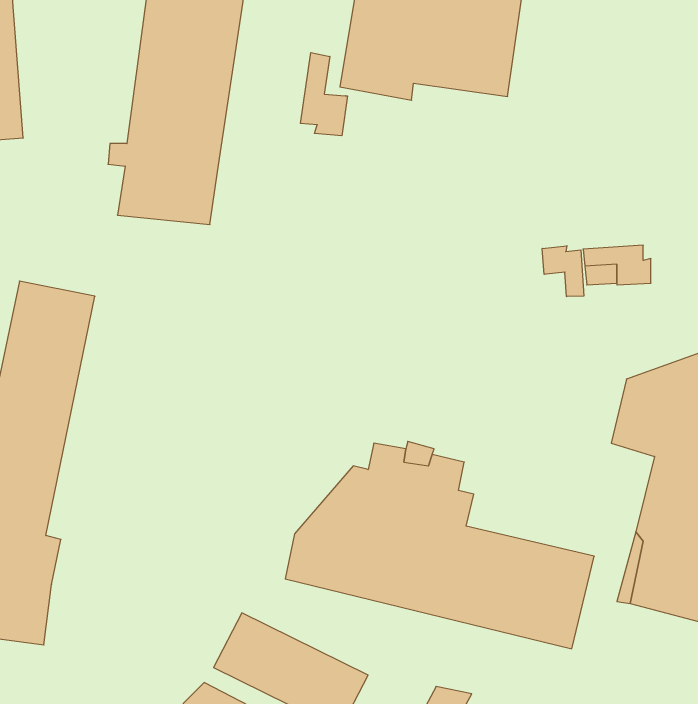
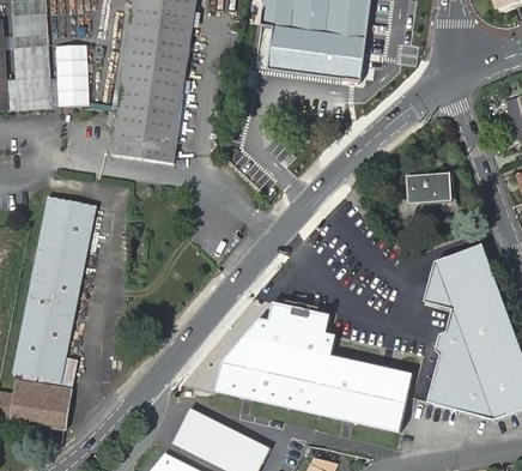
building: none -> [55,43,87,105]
building: [300,53,347,136] -> none
building: [542,246,584,297] -> none

